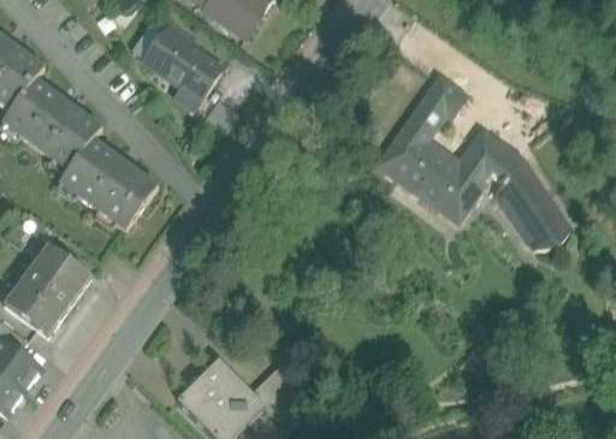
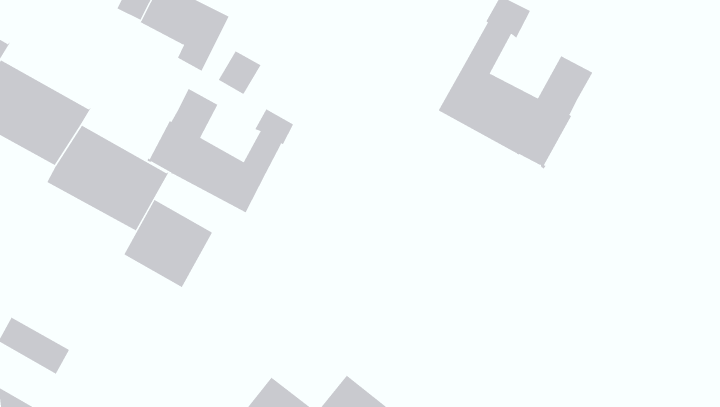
building: none -> [147,88,294,213]
building: [492,149,569,249] -> none
building: [18,243,91,316] -> [123,199,213,288]

